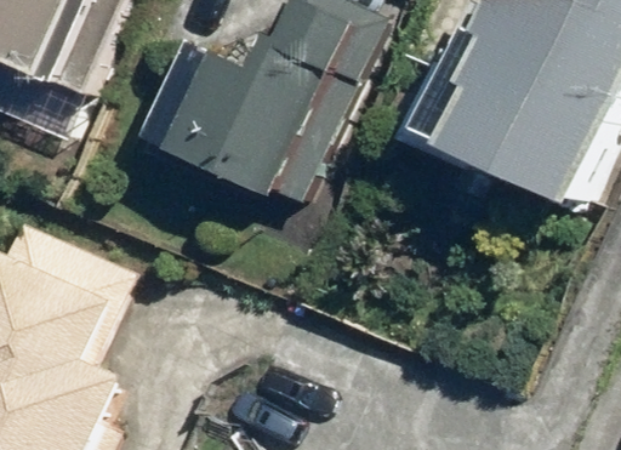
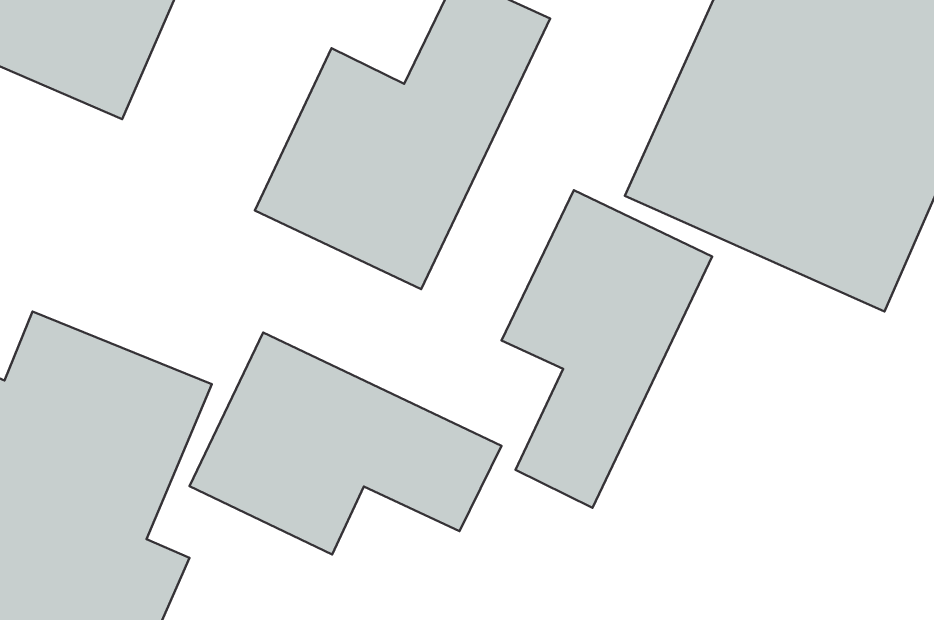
building: none -> [502,190,712,508]
building: none -> [190,333,502,554]

